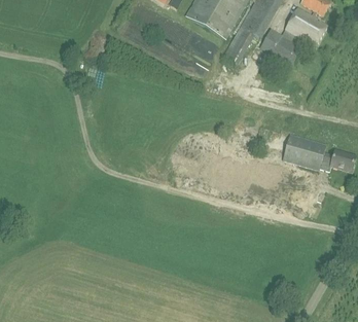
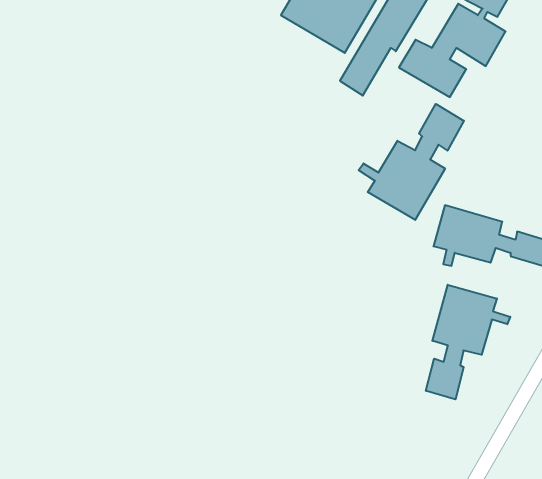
building: none -> [359,104,464,220]
building: none -> [426,285,510,399]

